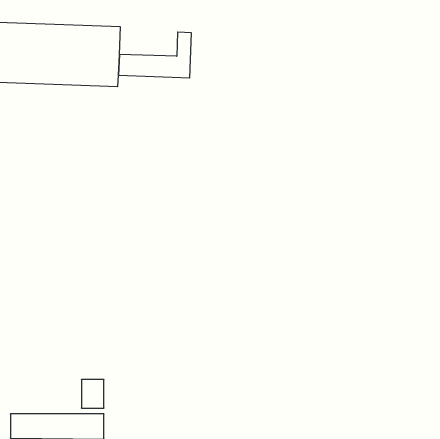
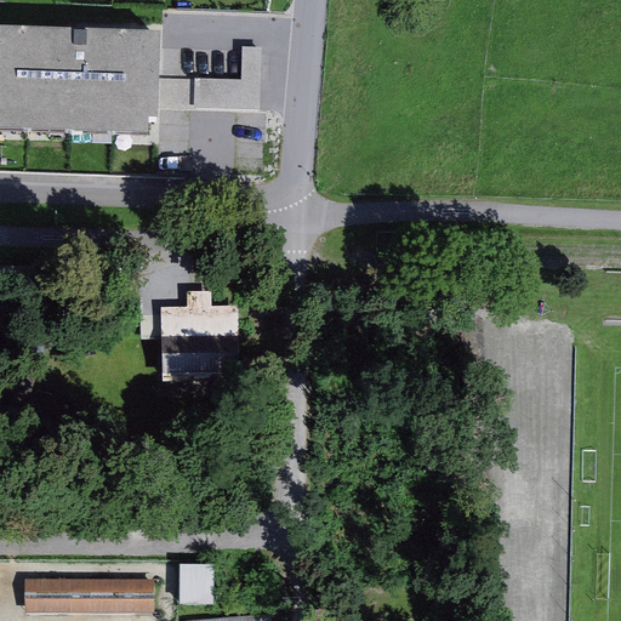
building: none -> [158,286,239,381]
building: [81,380,104,408] -> [180,560,211,600]

